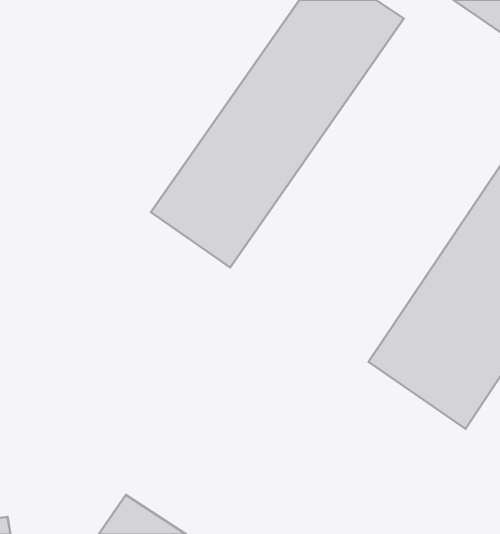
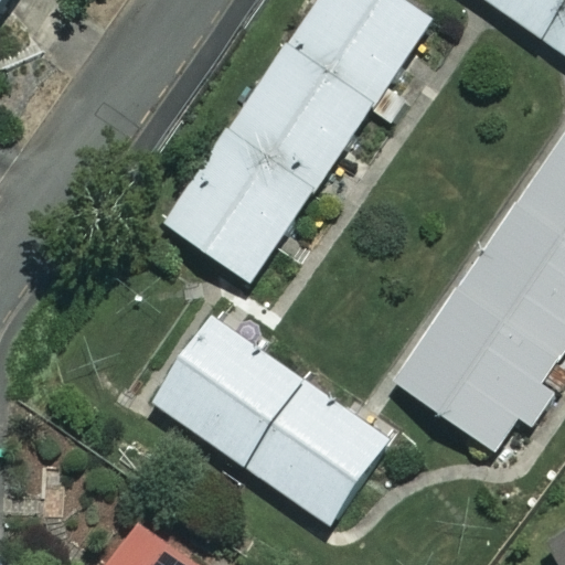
building: none -> [150,317,388,524]

